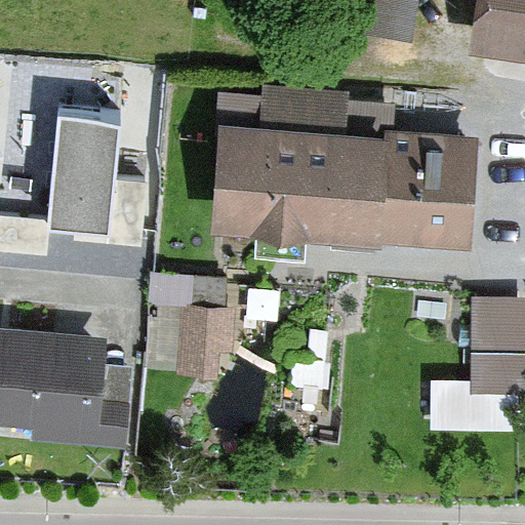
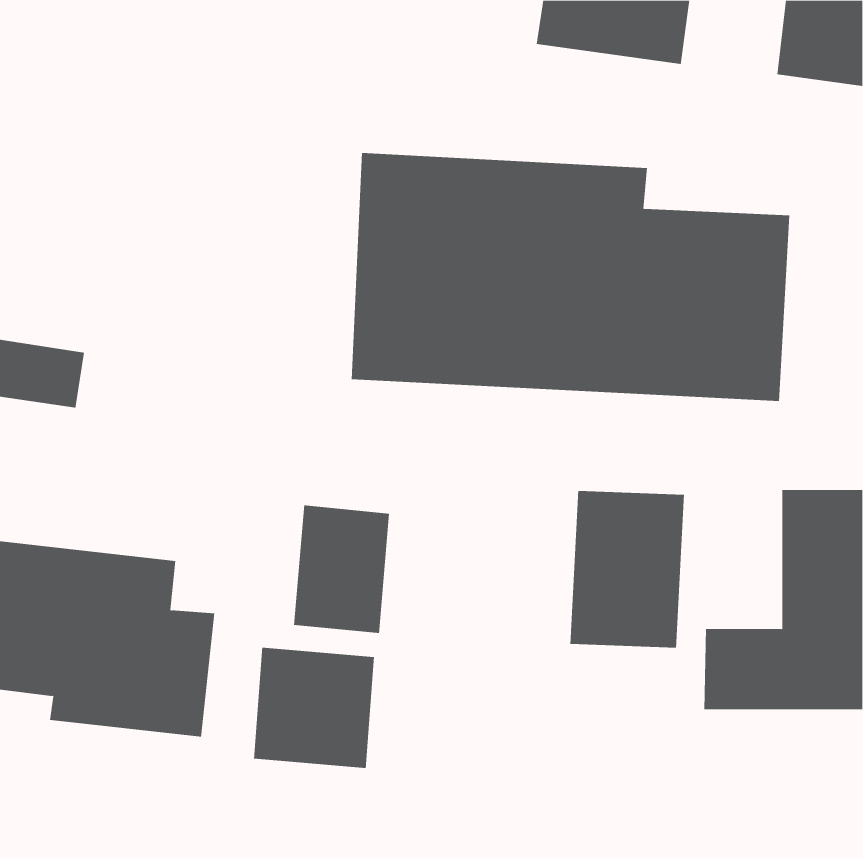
building: [52,104,140,236] -> none
building: none -> [570,490,684,649]
building: none -> [253,647,375,769]

